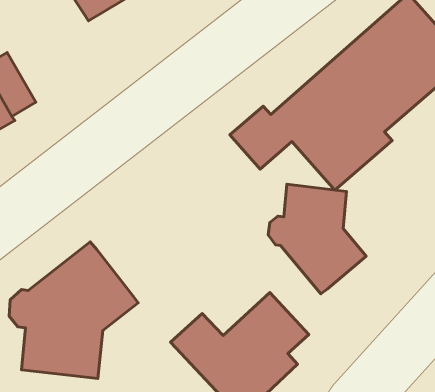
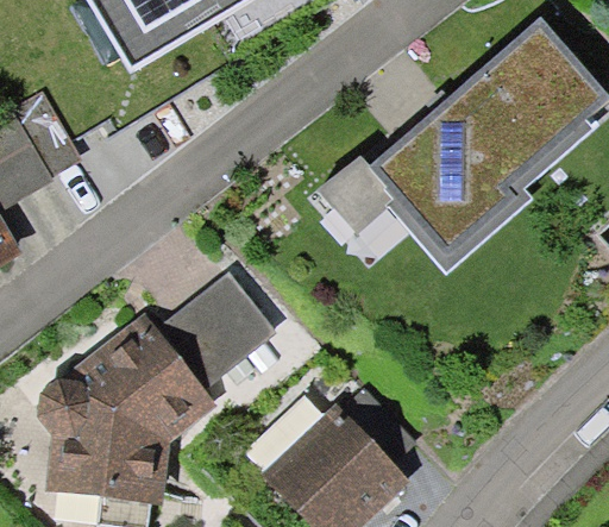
building: [268,184,366,294] -> none
building: none -> [150,281,271,399]

